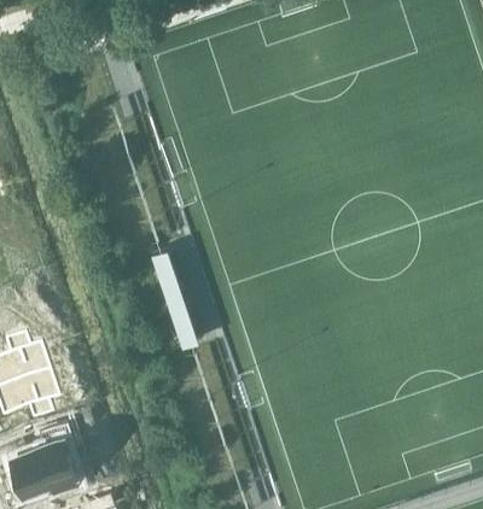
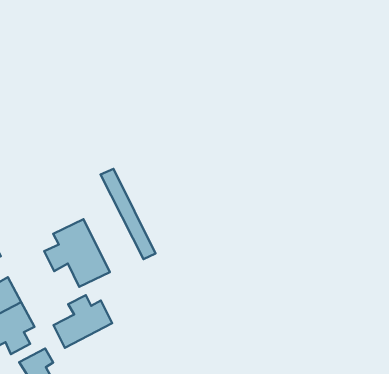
building: none -> [44,219,110,287]
building: none -> [53,295,112,348]

